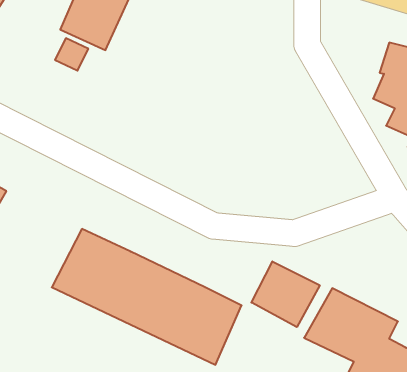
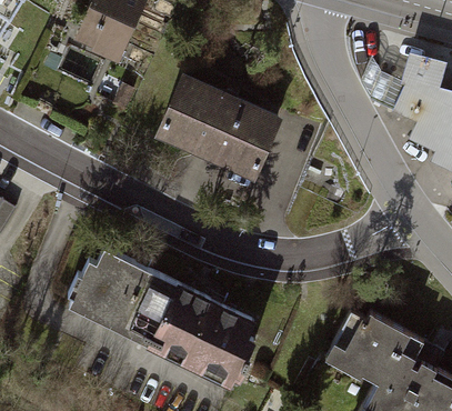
building: none -> [154,73,280,179]
building: [251,261,320,327] -> none

